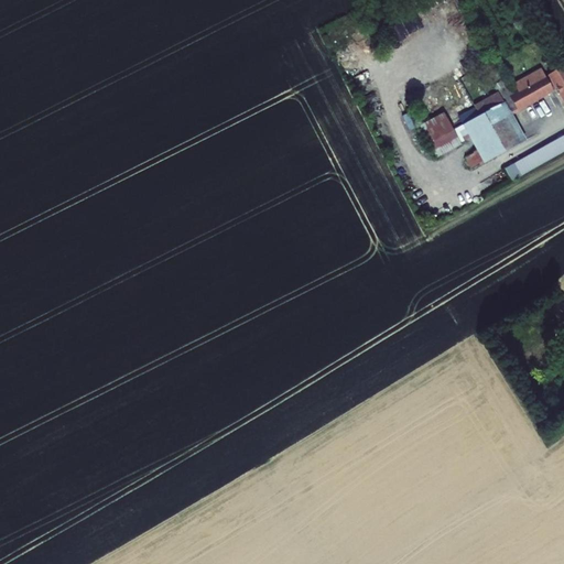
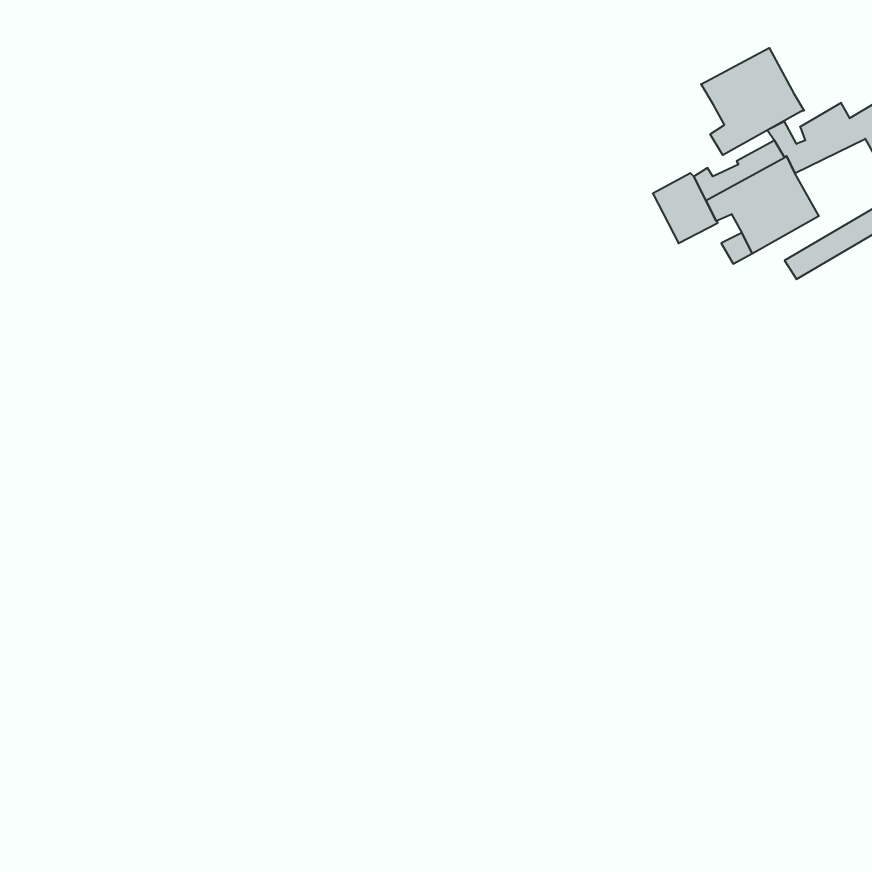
building: none -> [701,48,804,155]

